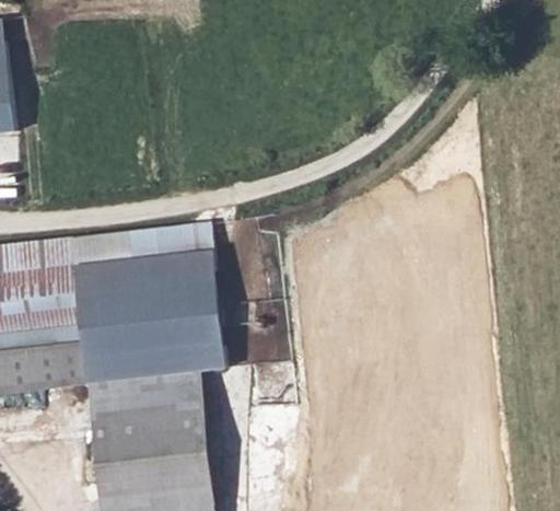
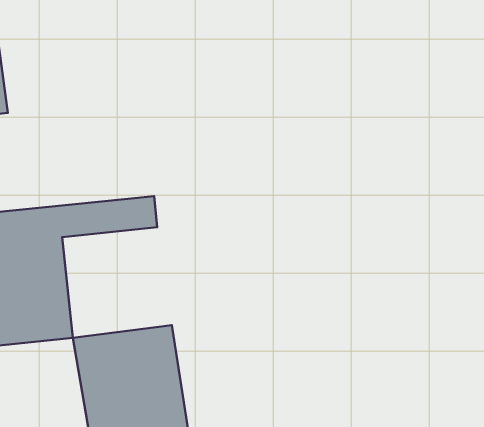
building: [74,222,221,386] -> none

